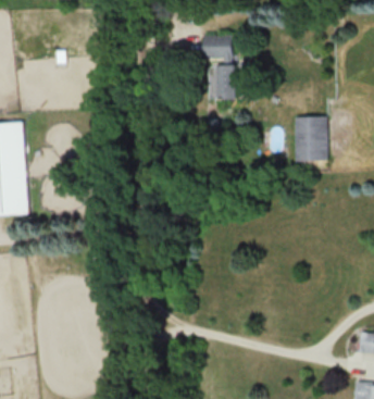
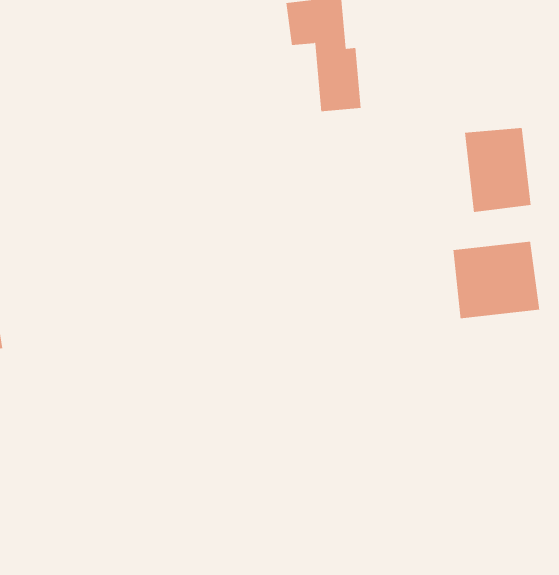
building: none -> [453,241,540,319]

